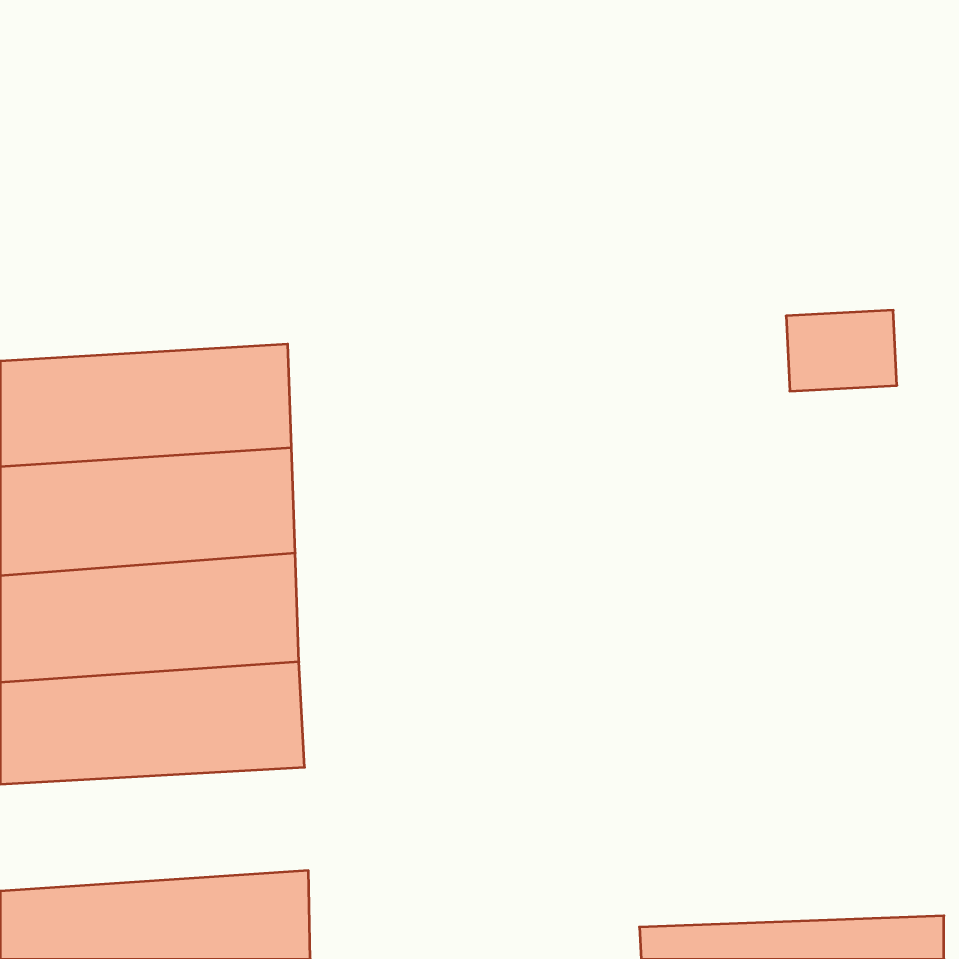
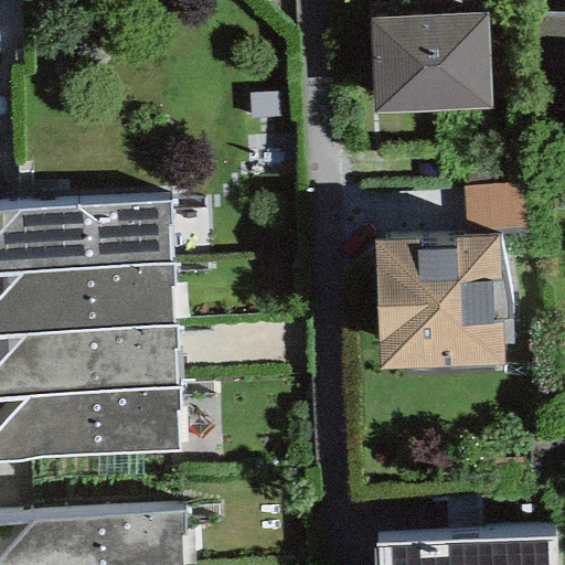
building: none -> [371,14,492,111]
building: none -> [373,234,504,369]

